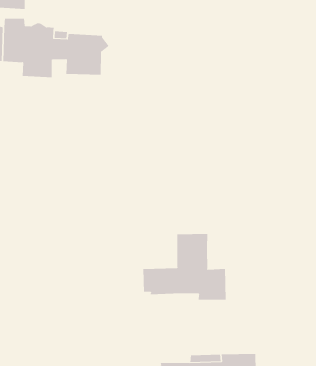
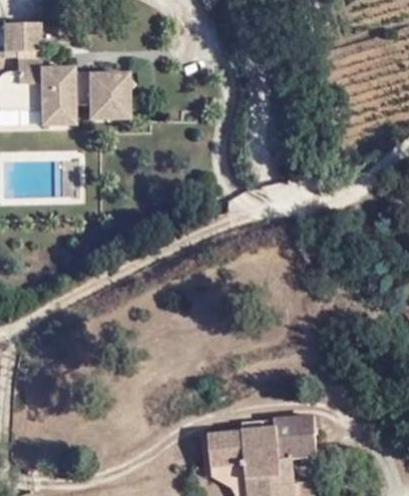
building: [143,233,226,300] -> none

